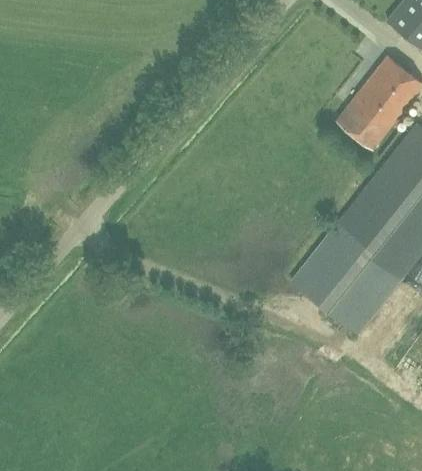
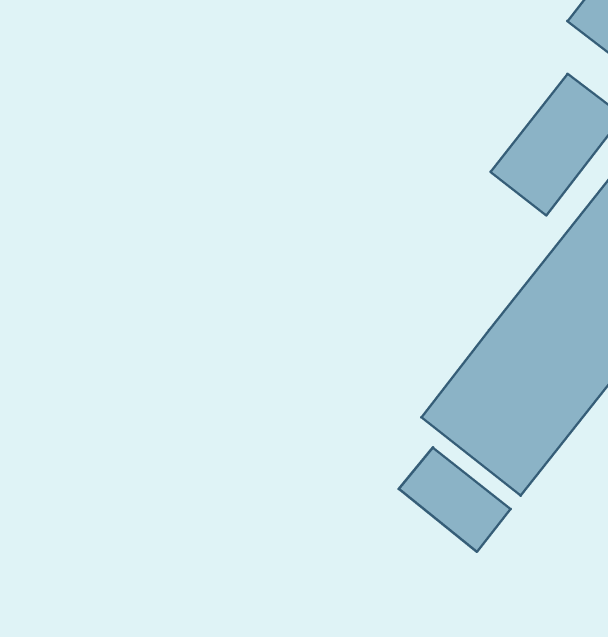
building: none -> [399,447,511,552]

